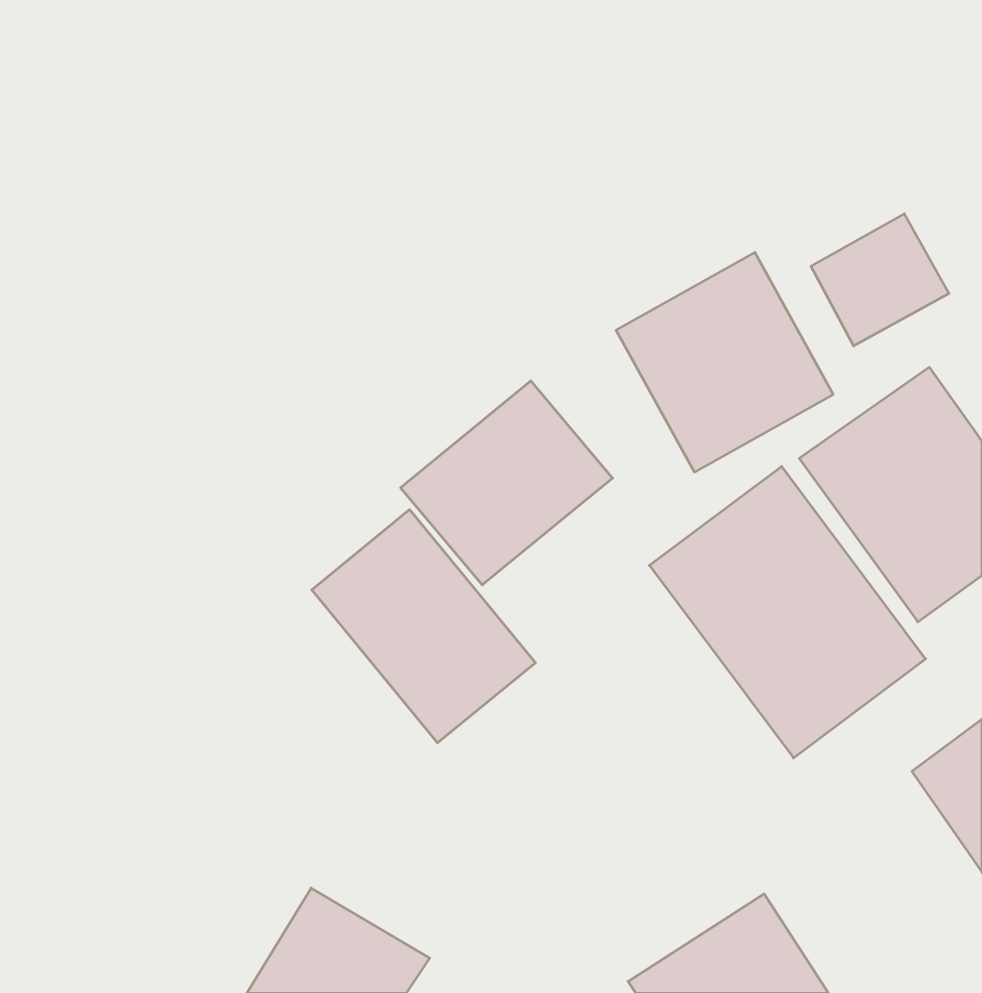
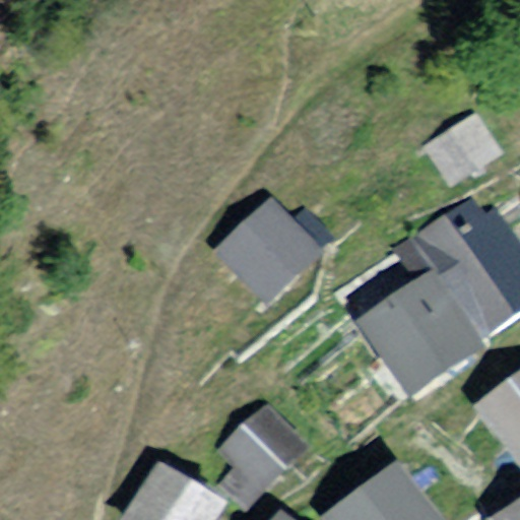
building: [616,252,833,472] -> none
building: [312,510,535,743] -> none
building: none -> [219,404,302,502]

